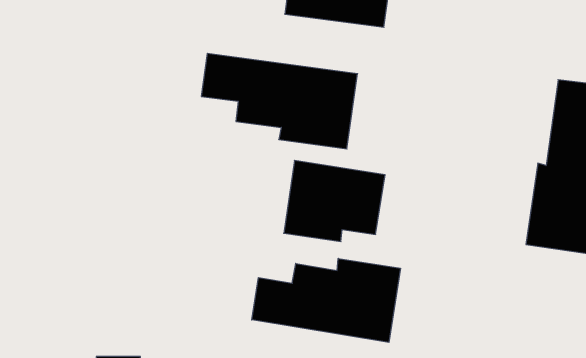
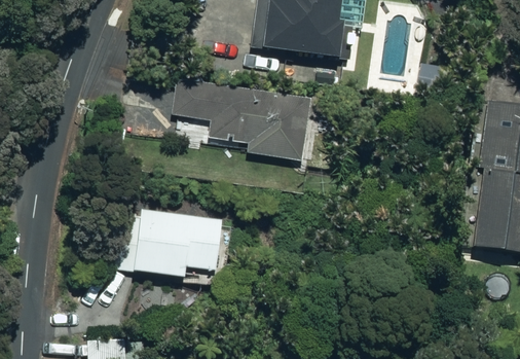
building: [284,160,385,242] -> [135,208,222,278]
building: [252,258,400,342] -> none

